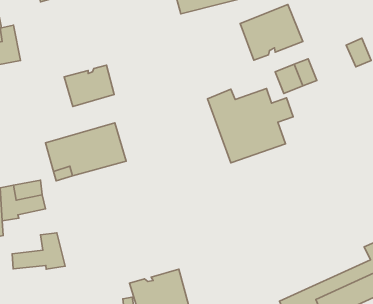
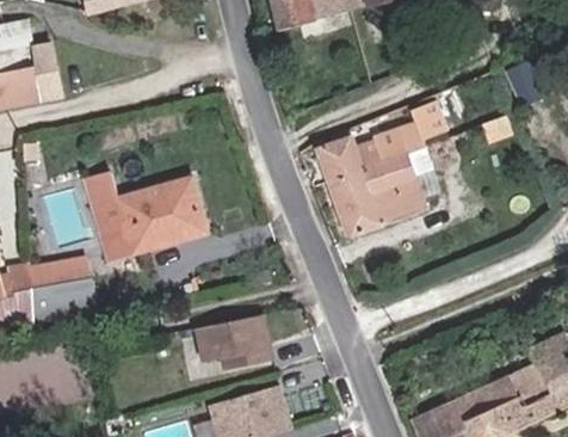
building: [240,4,303,60] -> none
building: [64,65,114,106] -> none
building: none -> [202,314,272,367]
building: [12,233,65,269] -> none

